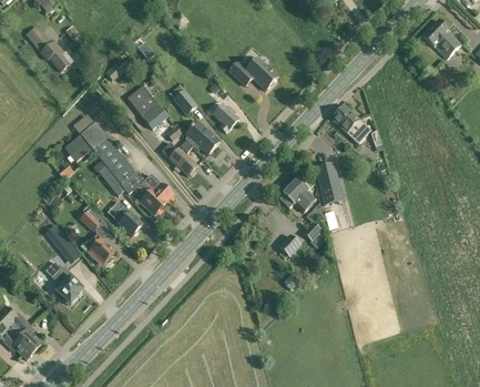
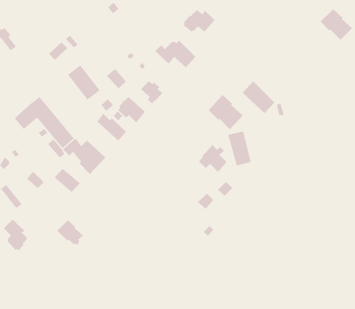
building: none -> [183,9,216,33]
building: none -> [208,94,243,130]
building: [82,233,114,263] -> [56,219,84,245]

